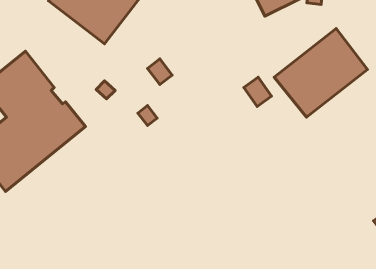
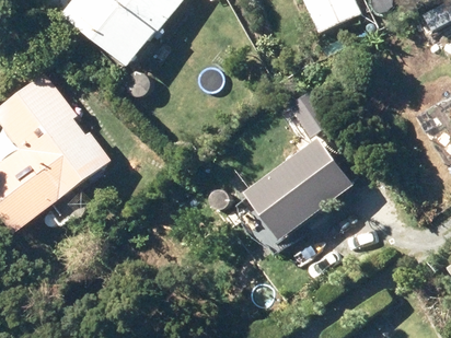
building: [274,29,368,117] -> [247,138,355,240]

